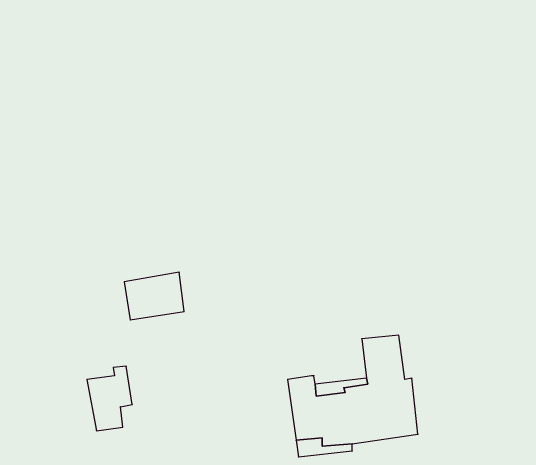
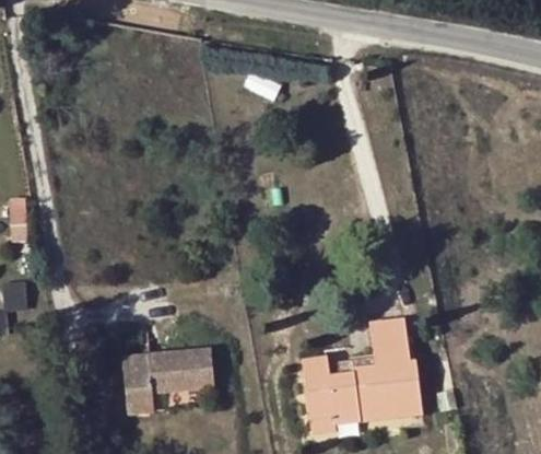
building: [124,272,184,320] -> [155,344,210,387]

